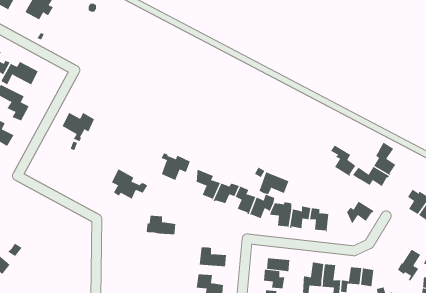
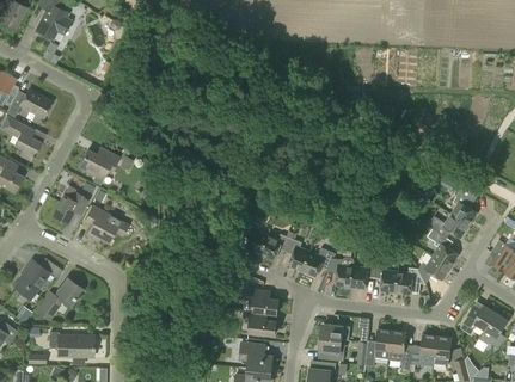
building: [330,145,356,177] -> [428,229,459,267]
building: none -> [53,192,88,224]
building: [161,152,190,181] -> none
building: [111,169,148,200] -> [84,205,128,242]
building: [259,172,289,195] -> none
building: none -> [13,259,50,298]
building: none -> [396,267,425,294]
building: [146,215,176,235] -> [243,289,278,313]
building: none -> [36,278,82,319]
building: none -> [461,304,496,334]
building: none -> [49,331,93,357]

